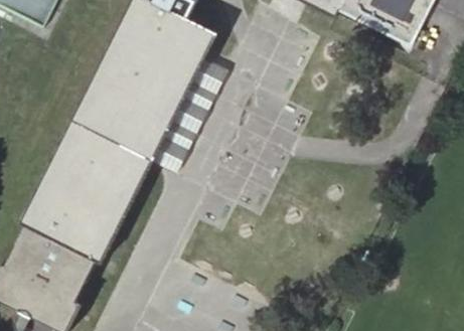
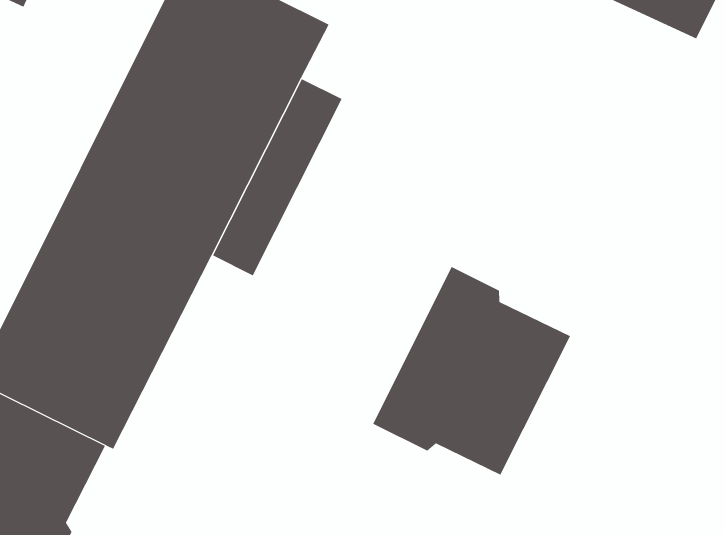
building: none -> [373,266,571,475]

